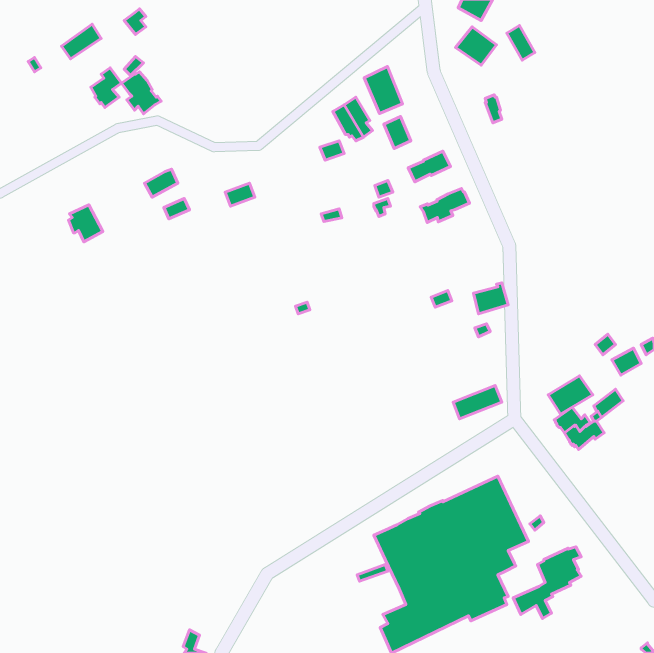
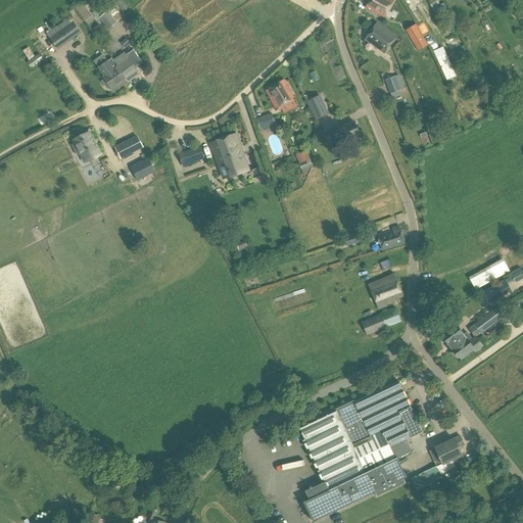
building: [364,66,402,114] -> none
building: [91,68,122,108] -> [117,49,142,81]
building: none -> [210,133,248,179]
building: [420,188,470,223] -> none
building: [68,205,103,242] -> [73,132,100,161]
building: none -> [369,273,402,307]
building: [548,376,593,414] -> none

